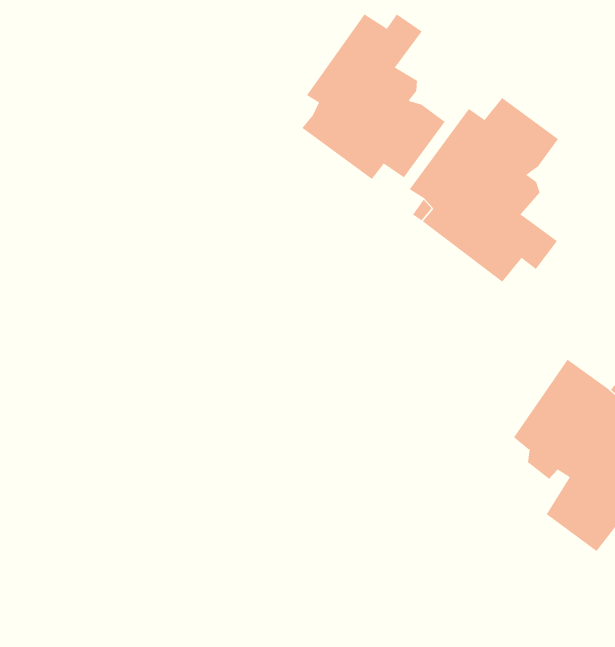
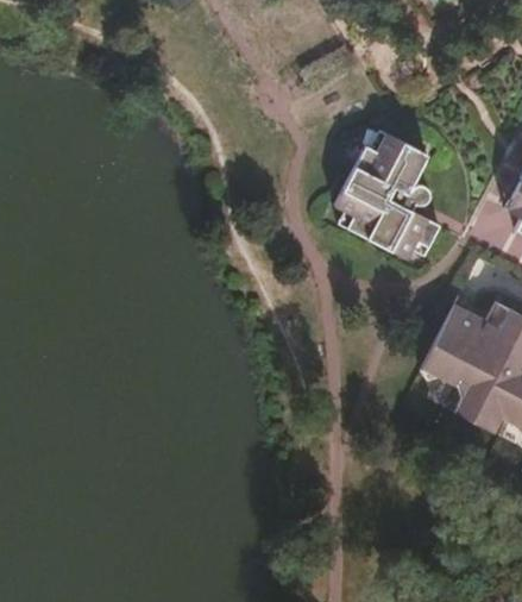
building: [302,13,446,180] -> none

